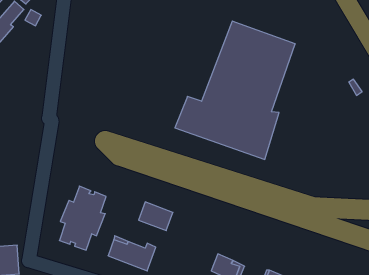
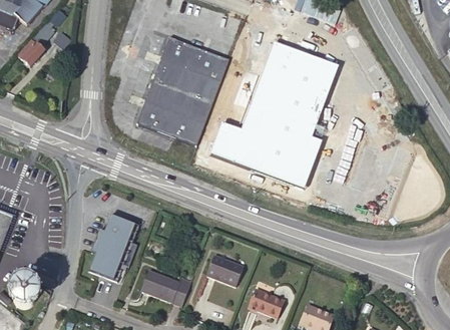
building: none -> [135,37,228,146]
building: [139,202,173,231] -> [206,254,243,284]

